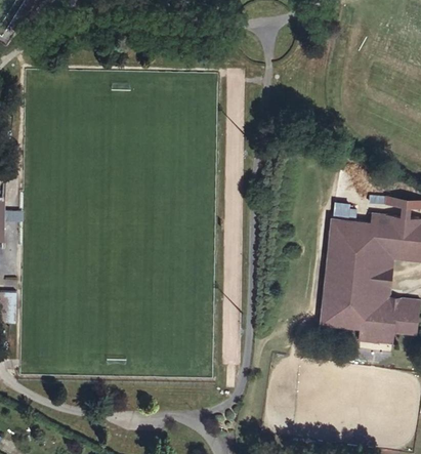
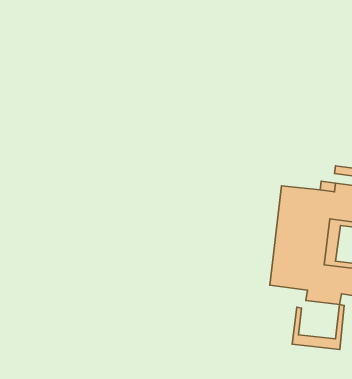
building: none -> [292,305,344,350]

